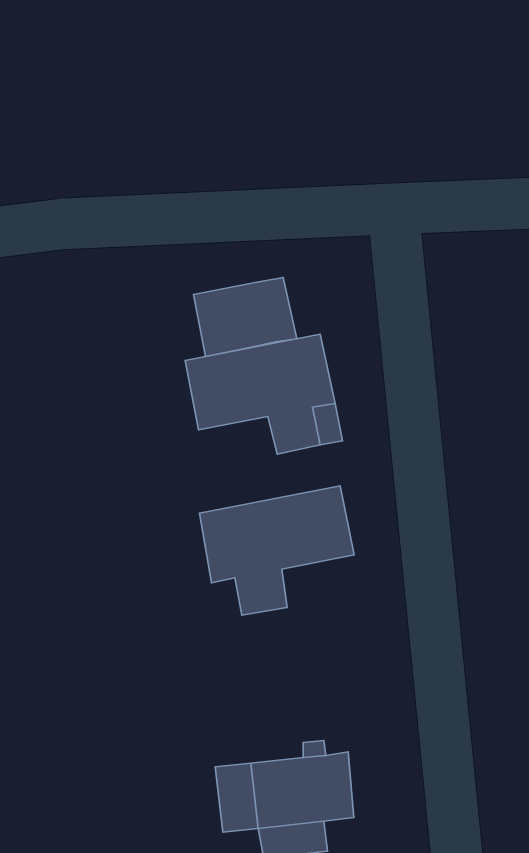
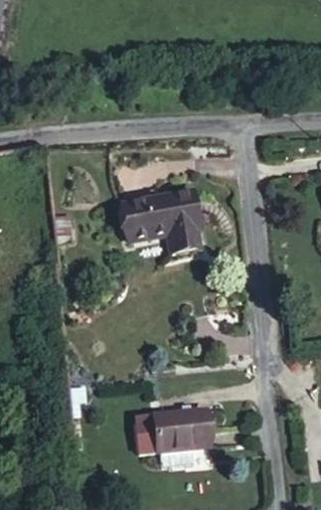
building: [193,277,297,356] -> none
building: [200,486,354,615] -> none

